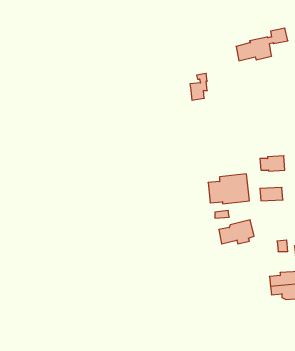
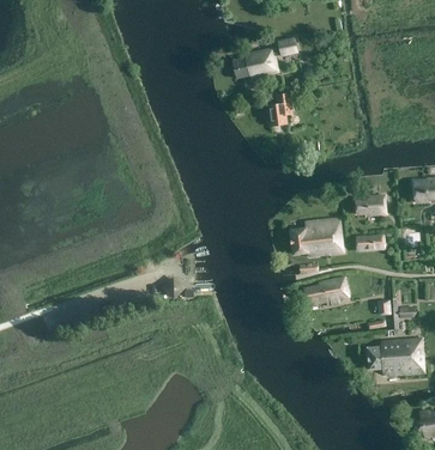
building: [236,28,288,61] -> [232,37,297,78]

